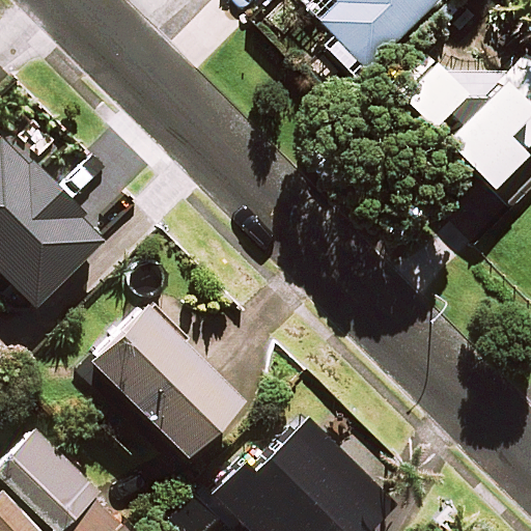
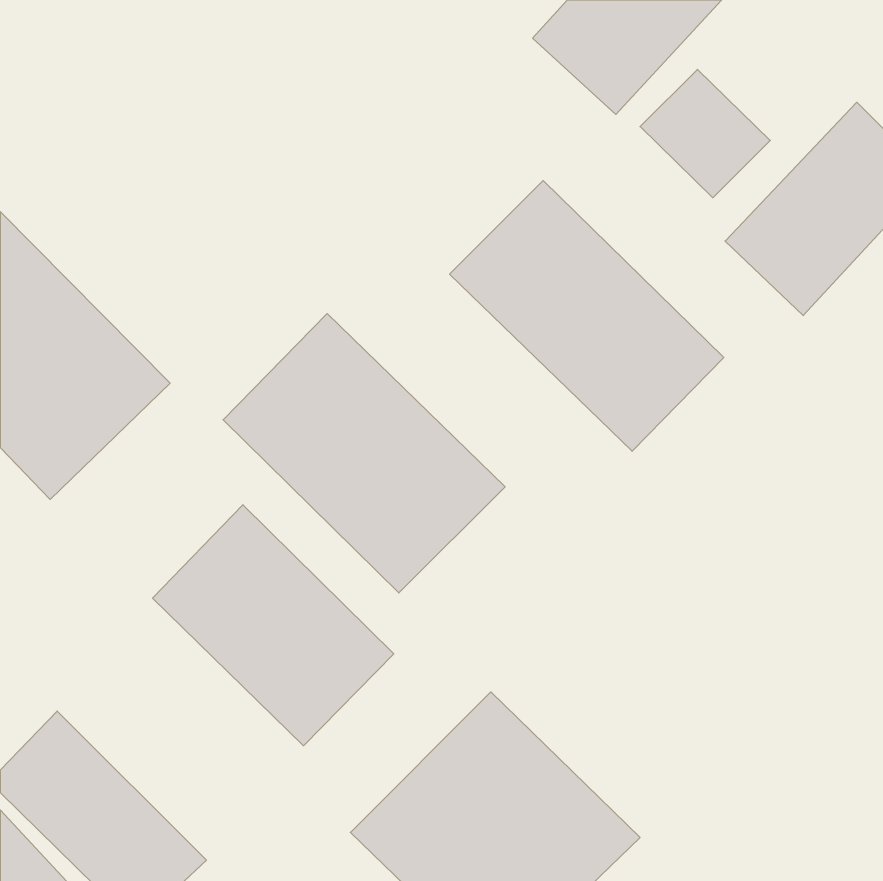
building: none -> [450,181,724,451]
building: none -> [223,314,505,593]

